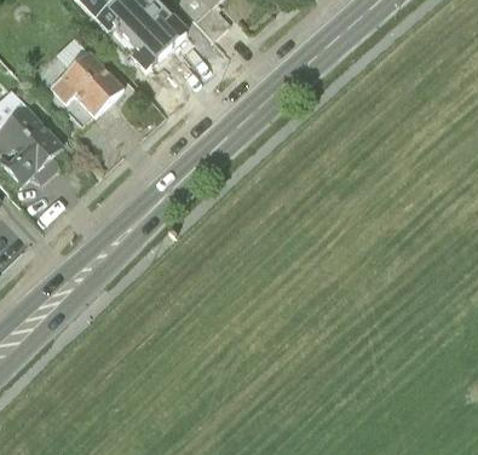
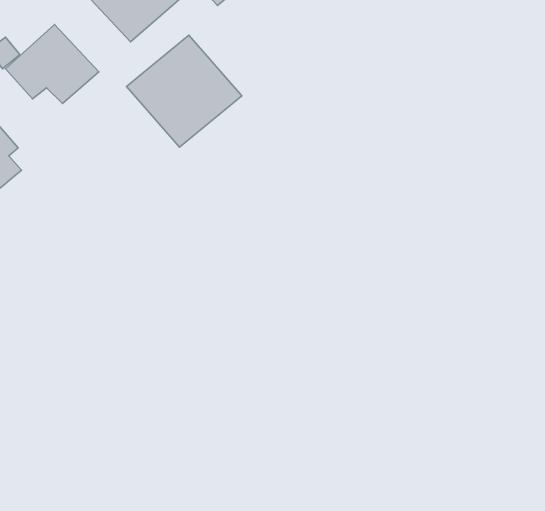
building: none -> [127,35,242,147]

